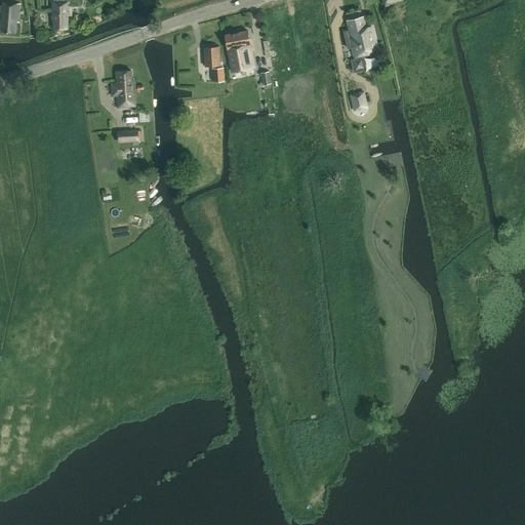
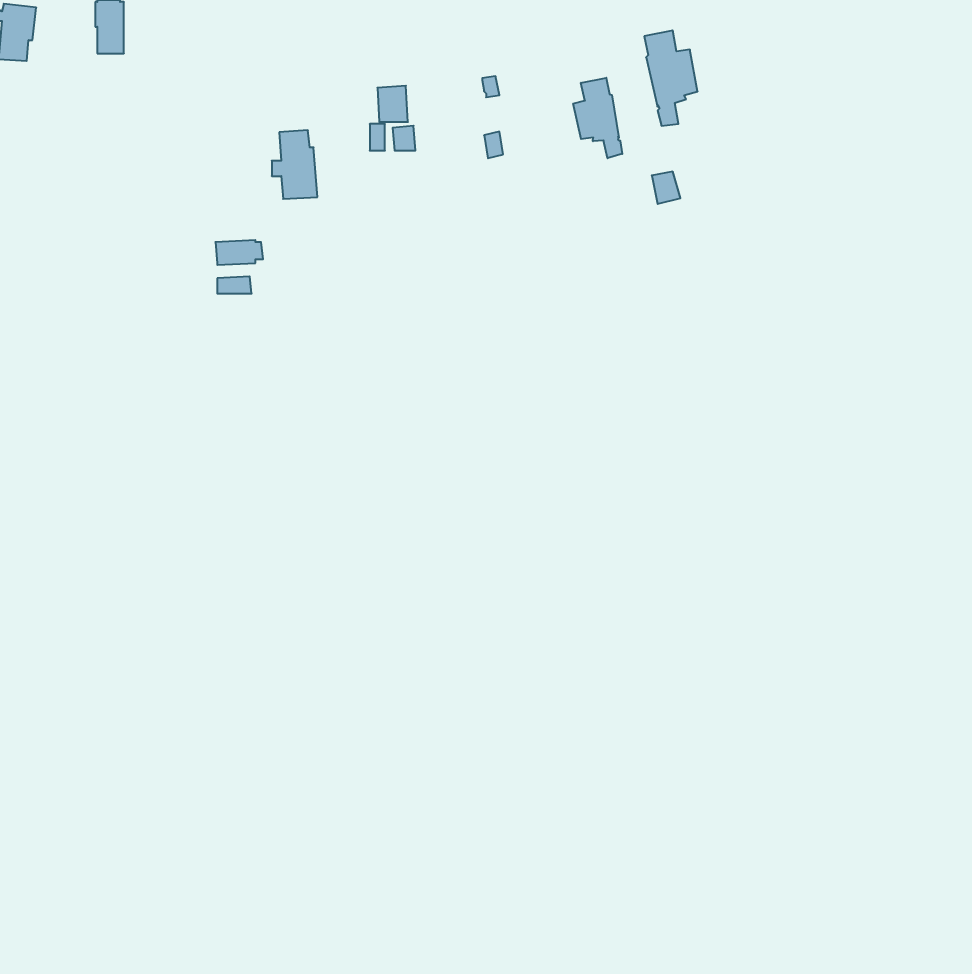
building: [225,31,253,72] -> none
building: none -> [573,78,622,158]
building: [111,71,135,108] -> [272,130,317,199]

